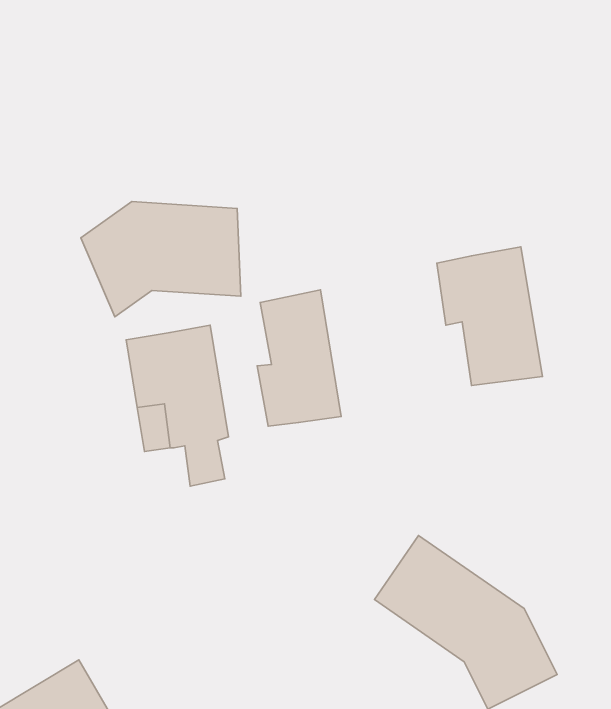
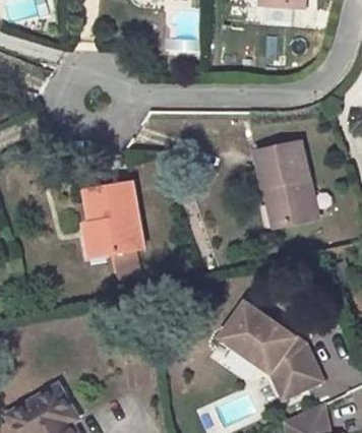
building: [81,201,241,317] -> none
building: [257,290,341,426] -> none

